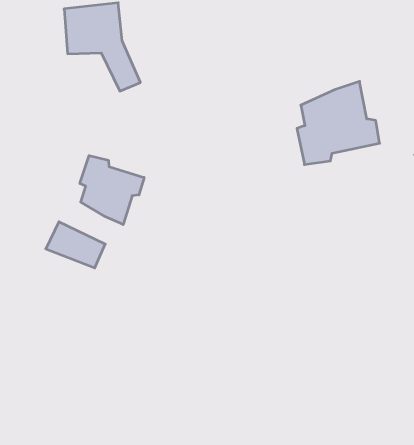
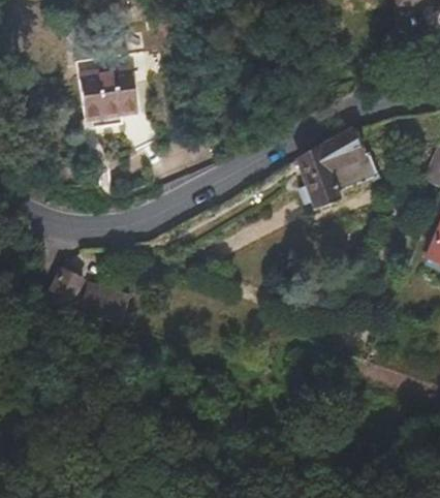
building: [80,156,144,225] -> none
building: none -> [43,259,81,300]

